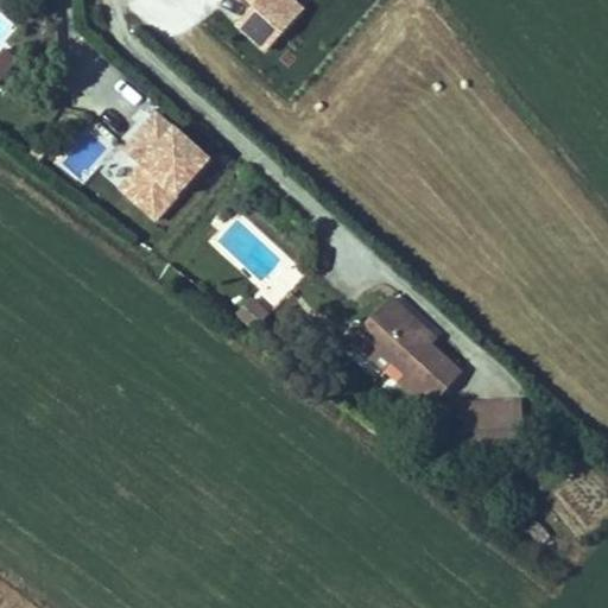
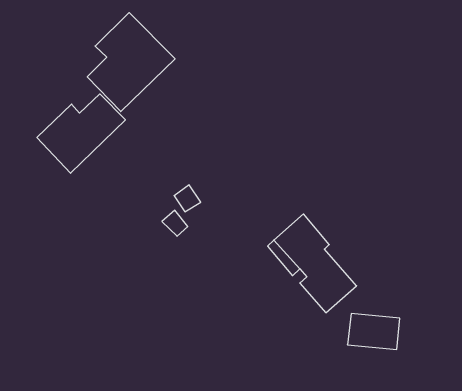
building: none -> [37,94,125,173]

